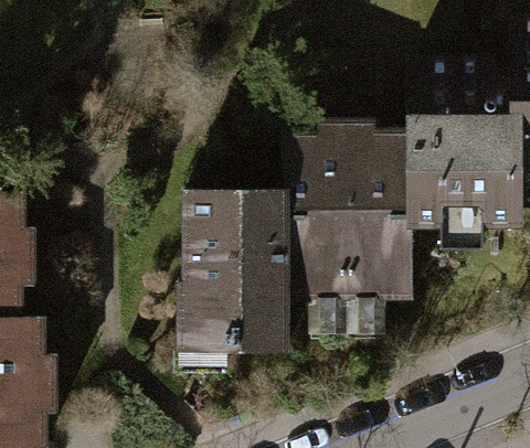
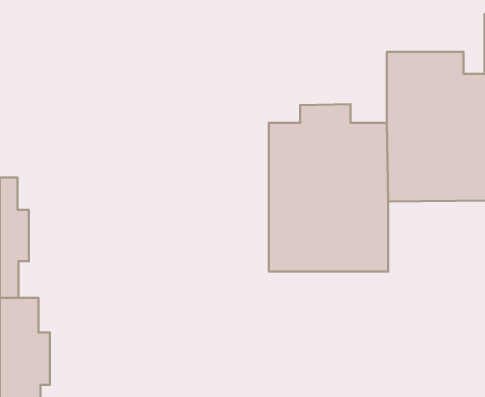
building: [179,196,286,356] -> none

